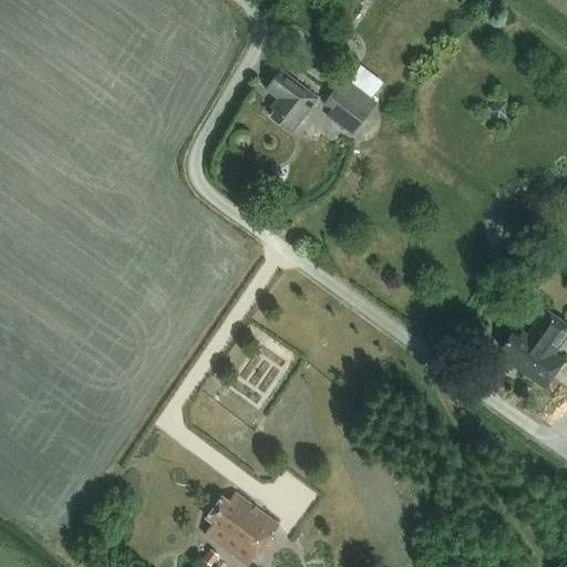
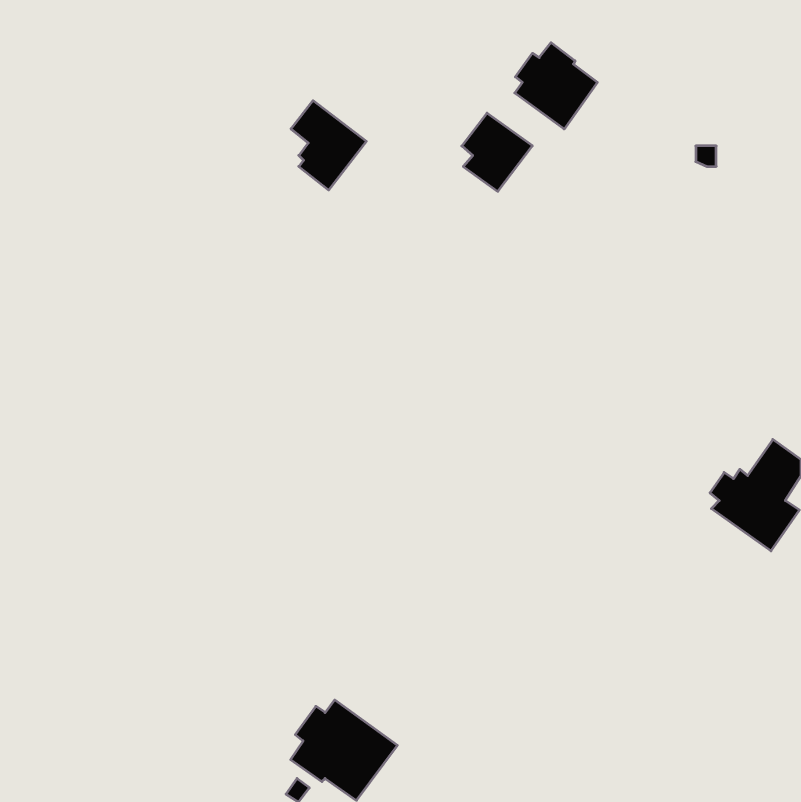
building: none -> [515,43,597,129]
building: [264,69,317,132] -> [291,101,366,190]

